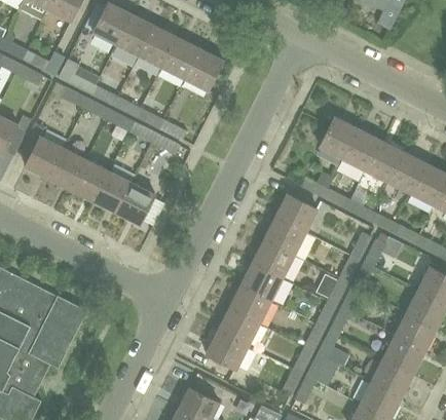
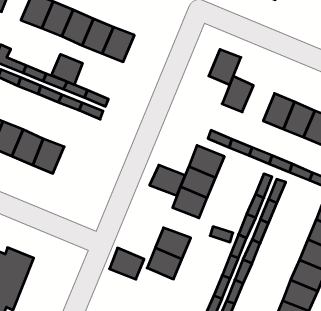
building: none -> [52,54,82,85]
building: [341,128,380,170] -> [209,49,241,85]
building: [116,183,154,225] -> none
building: [239,263,282,300] -> [150,165,185,196]
building: [206,331,247,369] -> [109,248,144,279]

